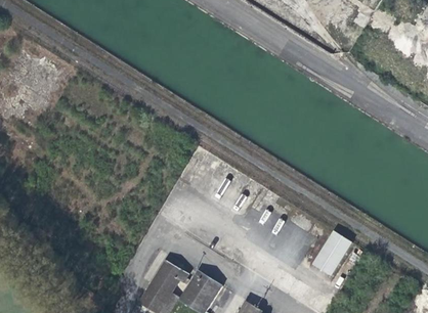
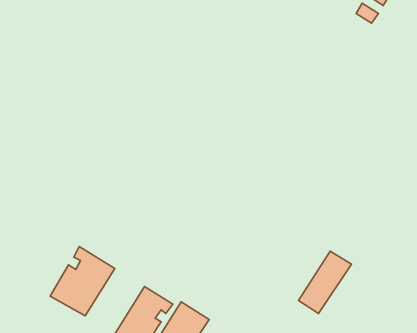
building: none -> [50,246,115,316]

